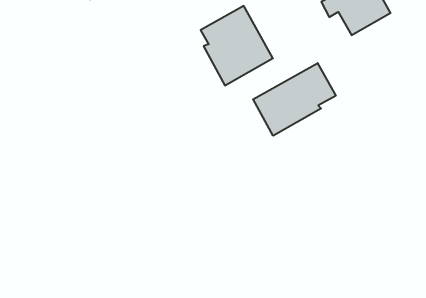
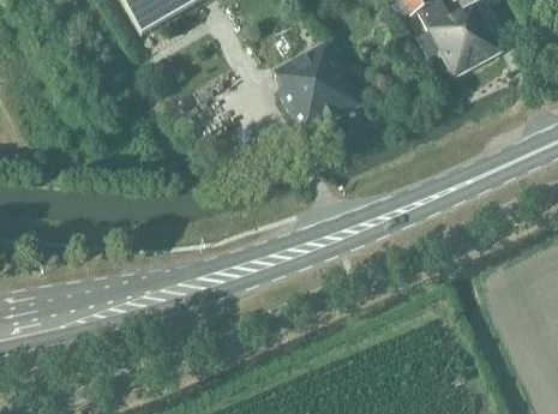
building: [253,63,336,136] -> none

